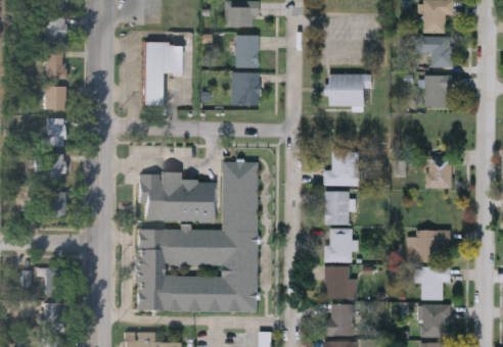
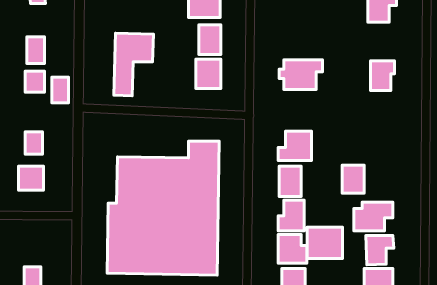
building: [36,16,63,41] -> none
building: [416,37,454,66] -> none
building: [46,117,64,146] -> [52,77,68,103]
building: [427,156,452,187] -> [342,165,364,193]
building: none -> [307,227,343,259]
building: [44,267,63,297] -> none

